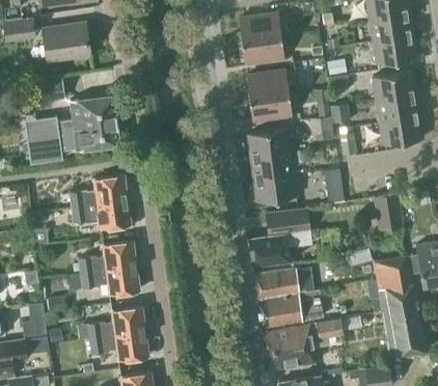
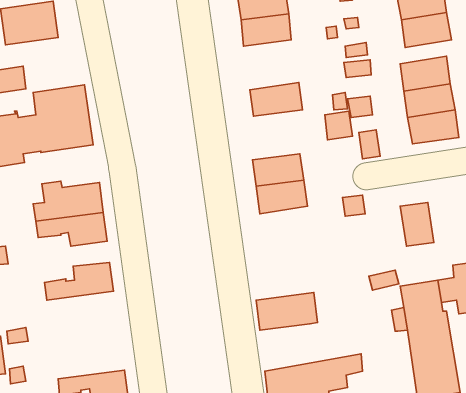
building: [245,71,289,99] -> none
building: [247,130,290,157] -> none
building: [248,206,308,264] -> none
building: [80,266,138,293] -> none
building: [256,290,322,326] -> none
building: [87,307,144,338] -> none

